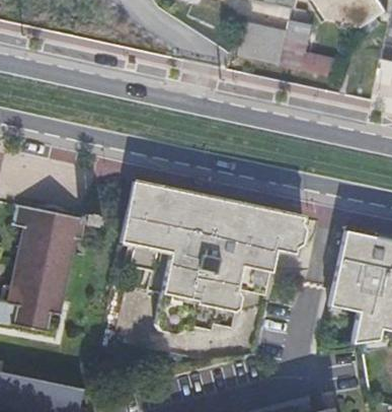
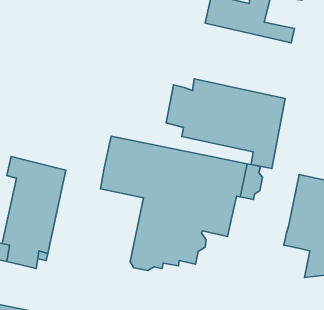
building: none -> [166,79,285,168]

